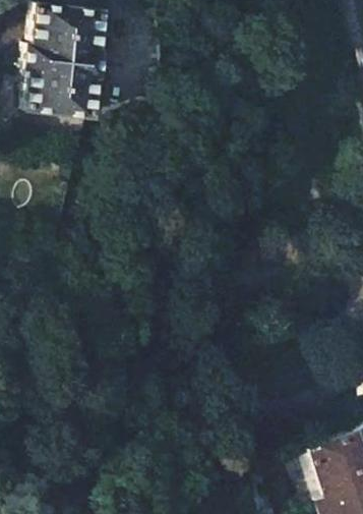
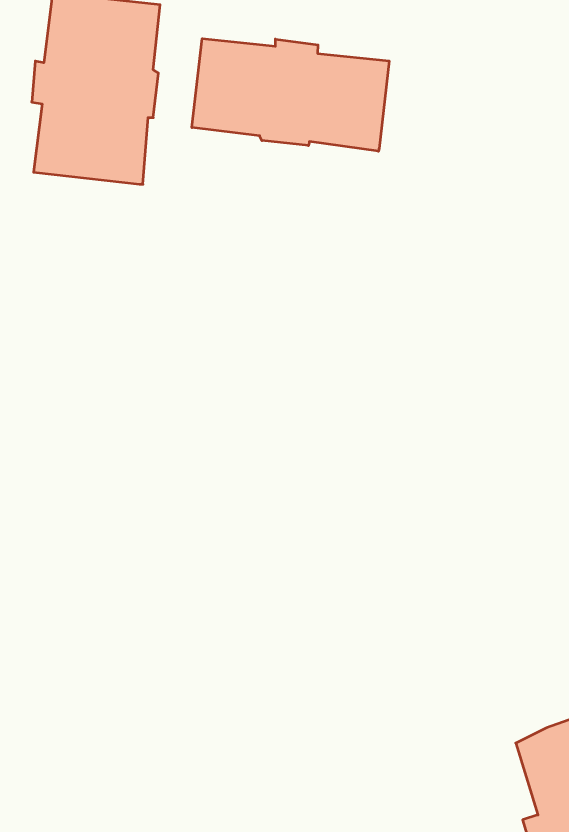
building: none -> [192,39,389,151]

